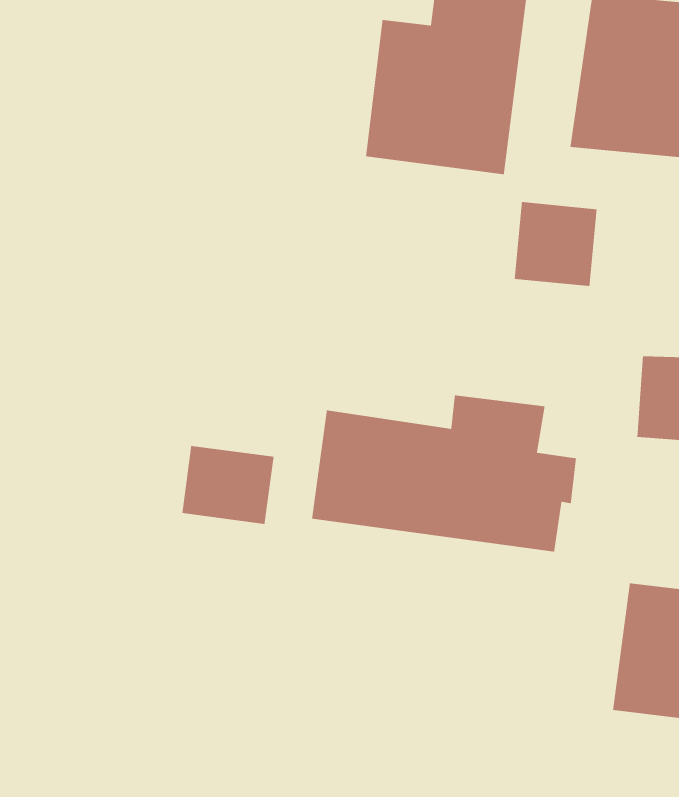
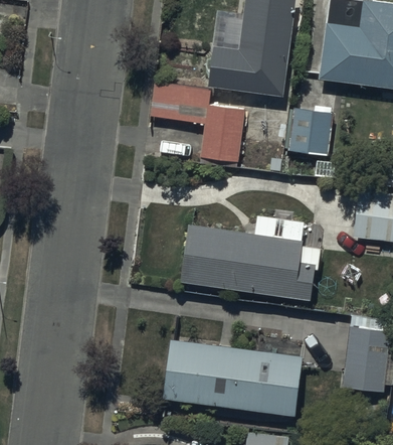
building: none -> [150,83,244,164]
building: [181,445,274,525] -> none
building: none -> [161,339,302,416]

